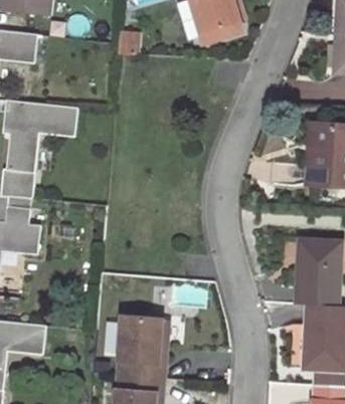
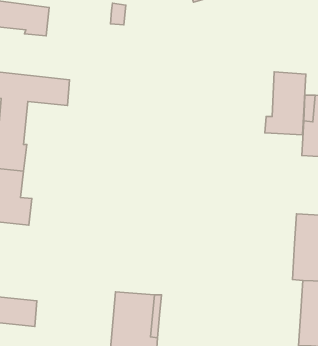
building: none -> [265,72,306,135]

